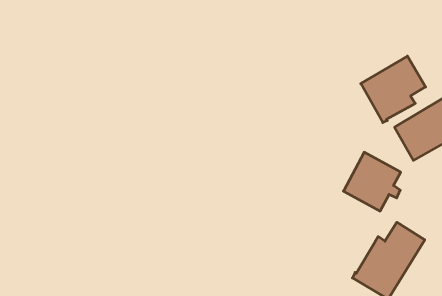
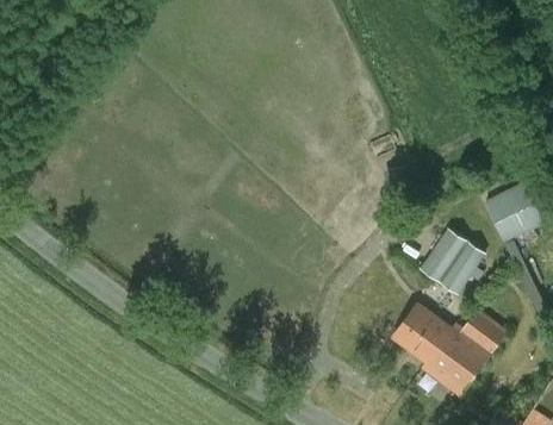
building: [361,56,426,123] -> none
building: none -> [392,302,452,362]

